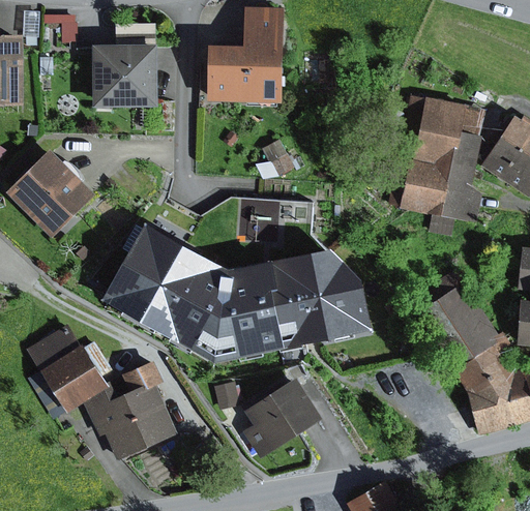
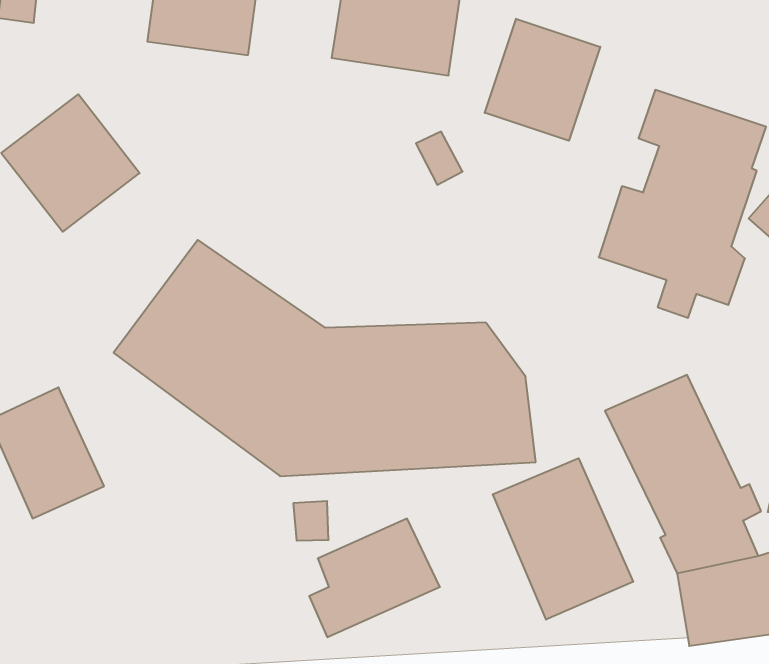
building: none -> [485,19,600,141]
building: none -> [493,458,633,620]
building: [87,362,178,464] -> none

